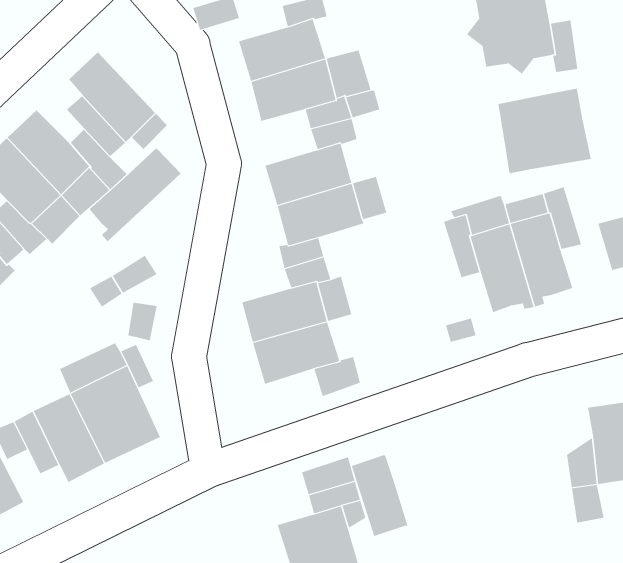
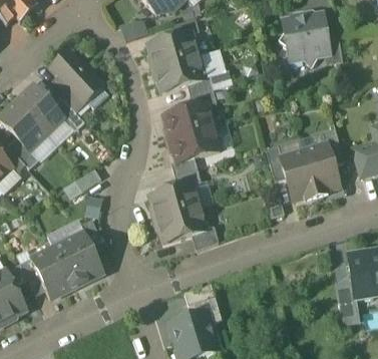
building: [498,88,591,174] -> none
building: [89,148,182,242] -> none
building: [351,454,408,537] -> none

